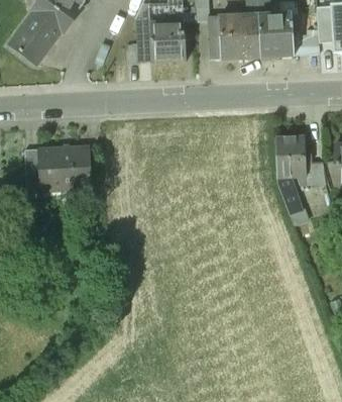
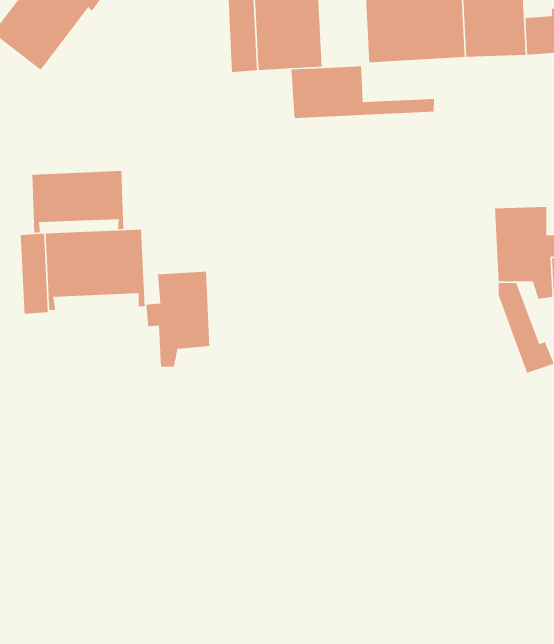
building: none -> [290,66,435,119]
building: none -> [32,170,124,233]
building: none -> [145,271,210,368]

